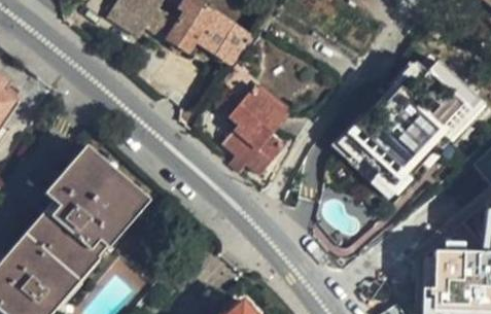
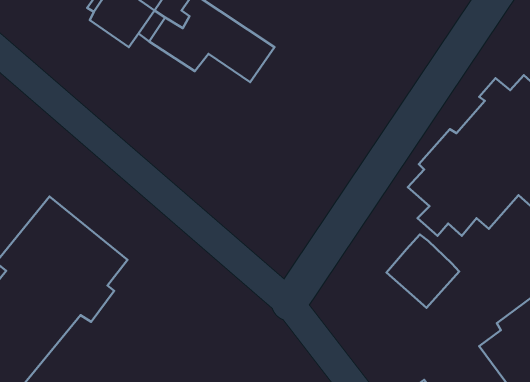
building: [222,85,287,173] -> none
building: none -> [386,234,459,308]

